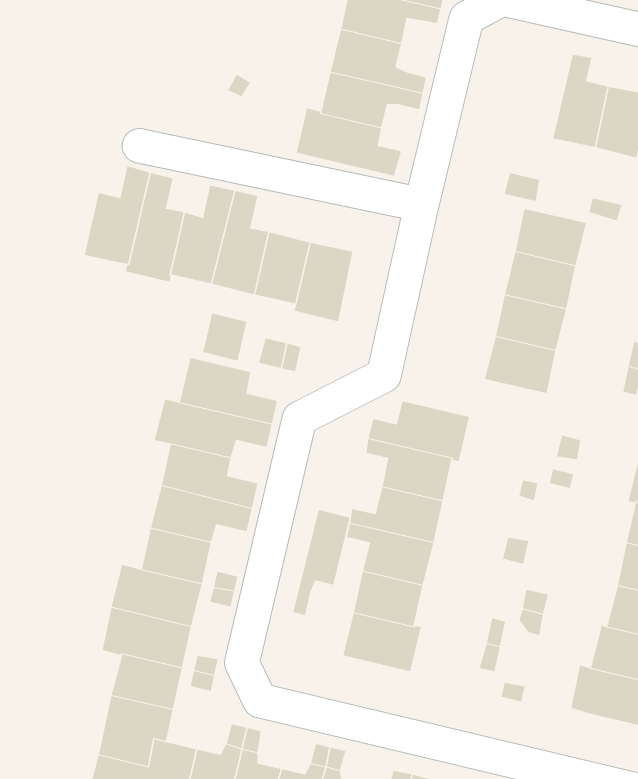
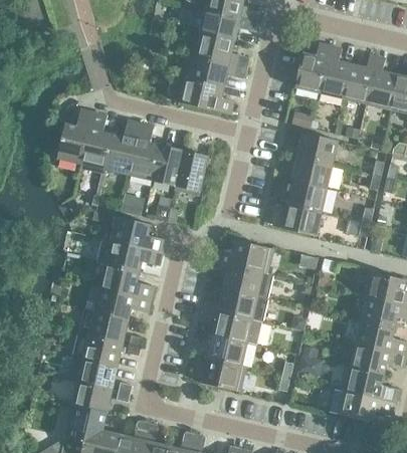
building: none -> [295,42,331,92]
building: [293,509,350,616] -> none

